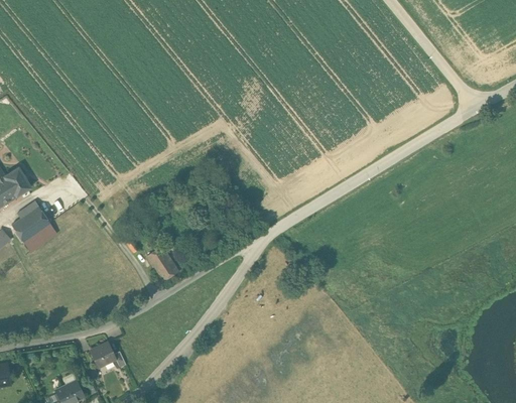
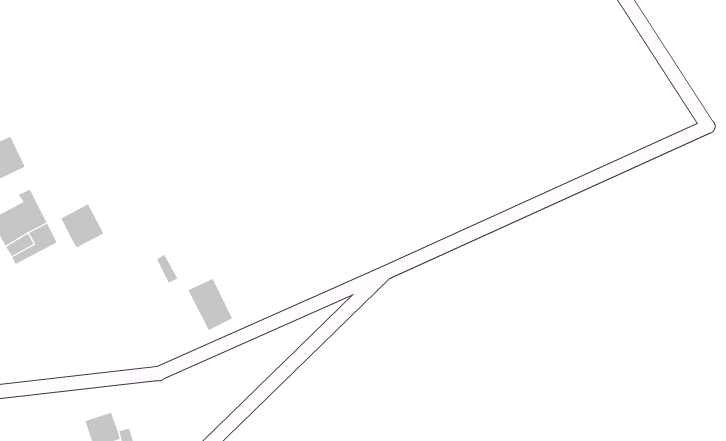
building: none -> [60,203,104,248]

